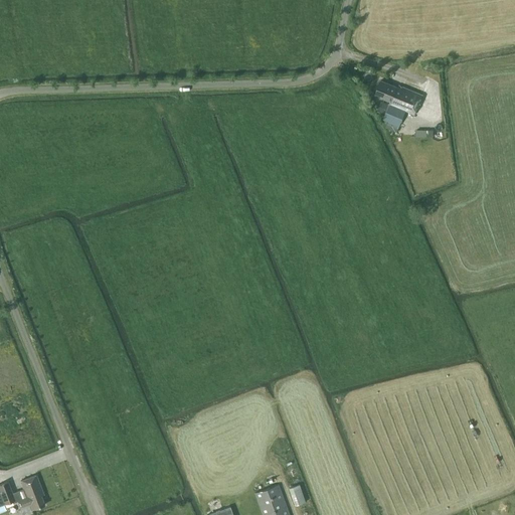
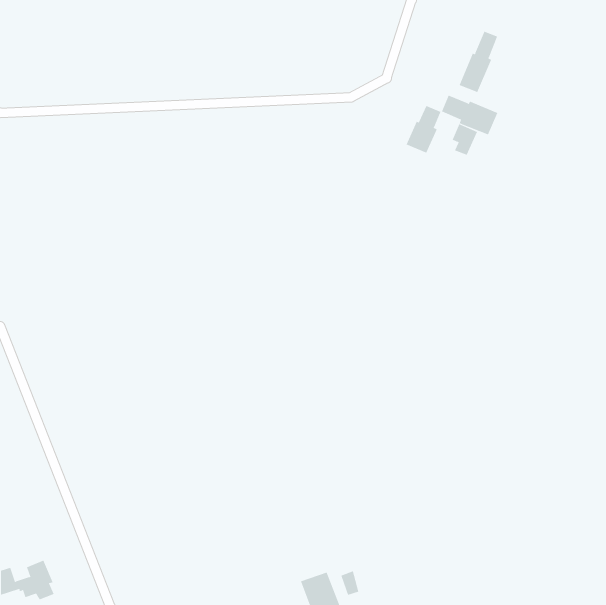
building: none -> [459,31,498,93]
building: none -> [406,105,441,154]

